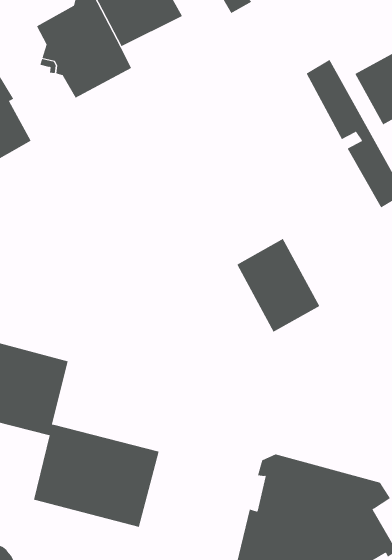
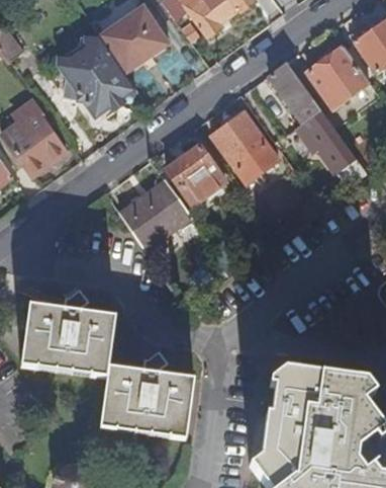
building: none -> [166,141,225,205]
building: none -> [120,180,191,248]
building: [236,238,320,332] -> [210,111,278,184]

